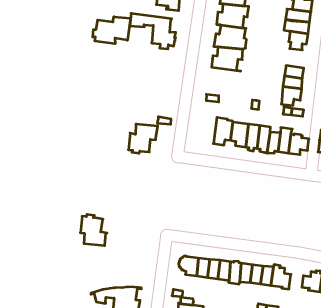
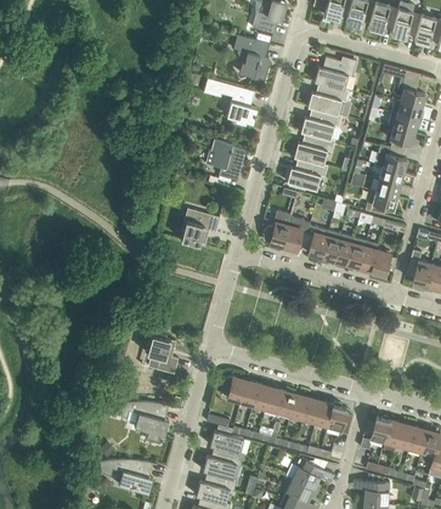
building: [93,17,131,44] -> none
building: none -> [374,145,407,174]
building: none -> [210,140,245,181]
building: none -> [287,157,328,192]
building: none -> [262,211,292,248]
building: [80,214,107,246] -> [147,334,179,374]

